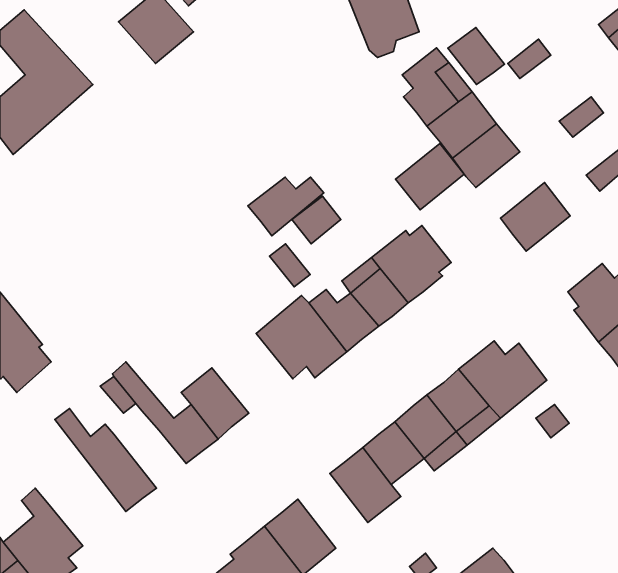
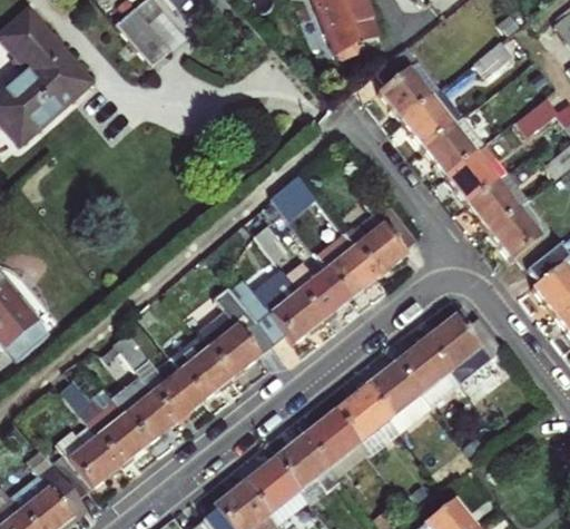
building: [448,28,505,85] -> none
building: [395,143,464,210] -> [438,140,500,200]
building: [248,177,324,236] -> none
building: none -> [483,198,552,267]
building: none -> [198,290,272,378]
building: none -> [109,375,175,445]
building: none -> [49,422,120,498]
building: none -> [276,432,340,500]

